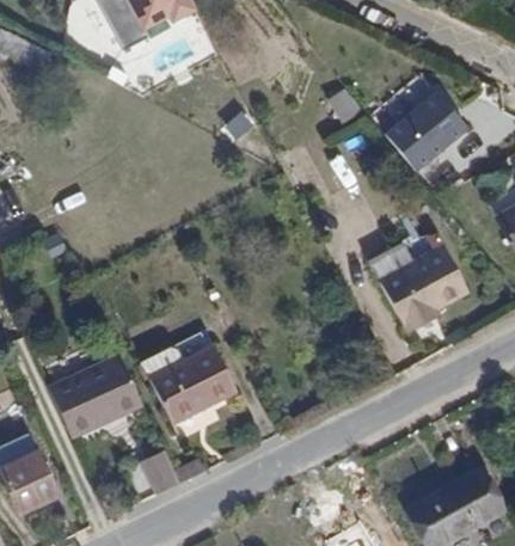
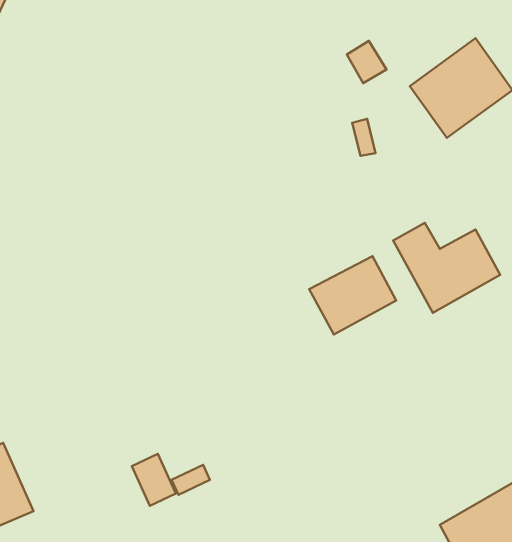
building: none -> [309,256,396,334]
building: [147,350,235,423] -> none
building: [50,356,140,436] -> none

